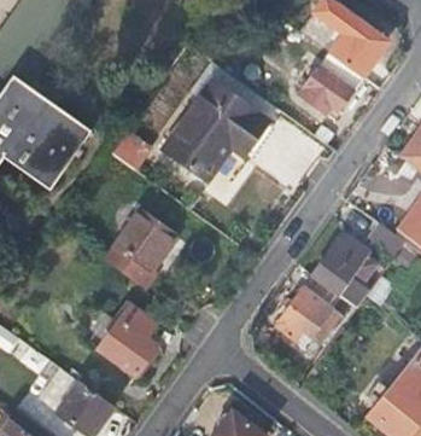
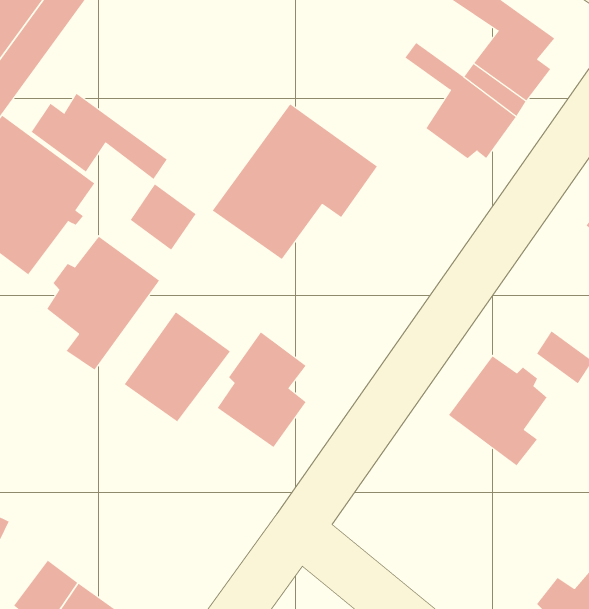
building: none -> [31,93,168,180]
building: none -> [46,236,160,371]
building: [276,277,356,351] -> none
building: [99,301,156,374] -> [217,331,306,448]

